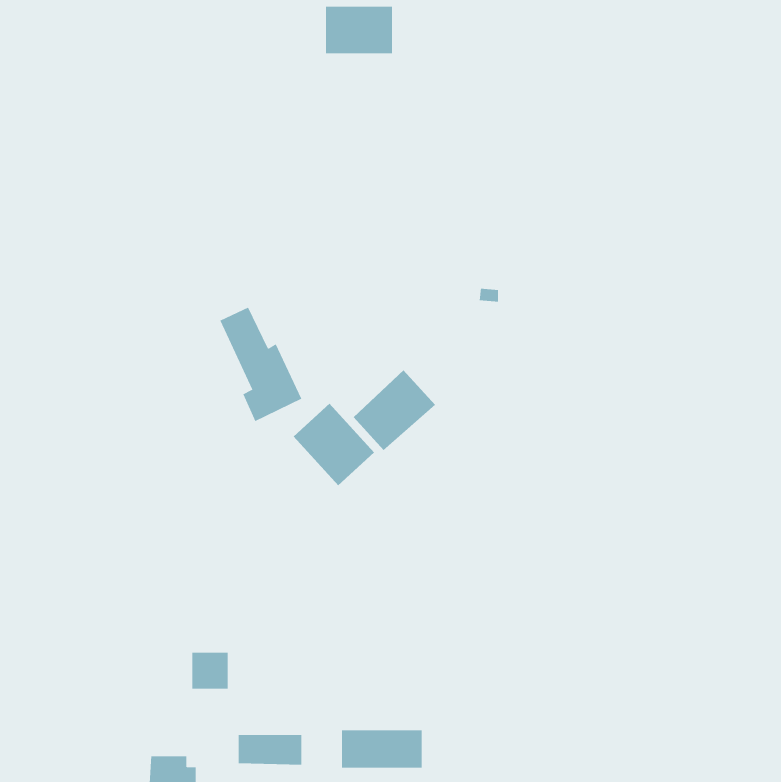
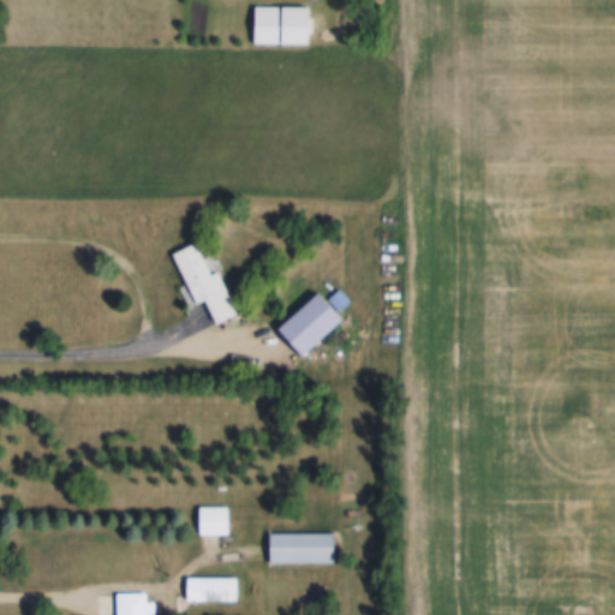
building: [293,403,375,486] -> none
building: [192,652,228,689] -> [199,506,228,535]
building: [341,730,422,768] -> [269,533,333,563]

